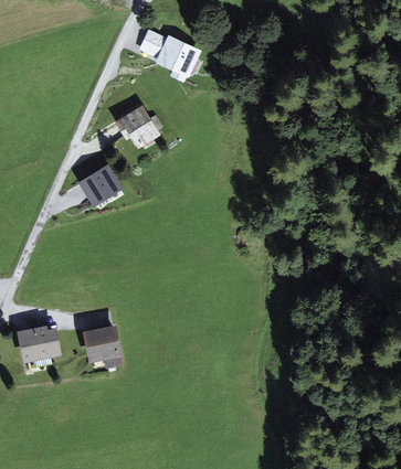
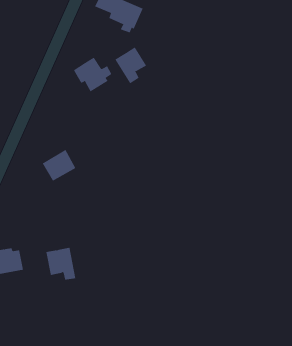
building: none -> [114,46,147,84]
building: [80,166,119,203] -> [42,149,76,181]

